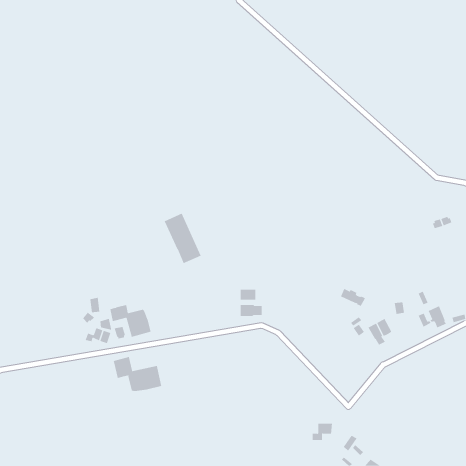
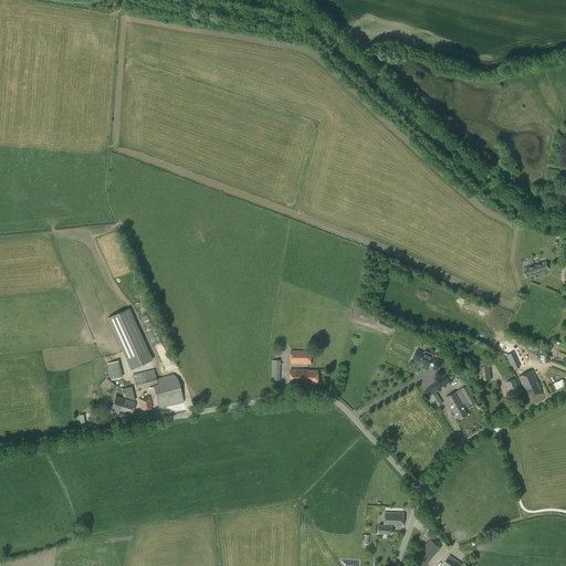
building: [164,213,201,264] -> [107,308,153,370]
building: [113,356,162,392] -> none

